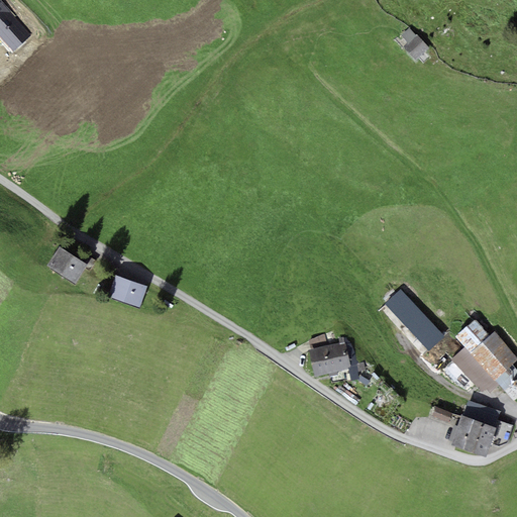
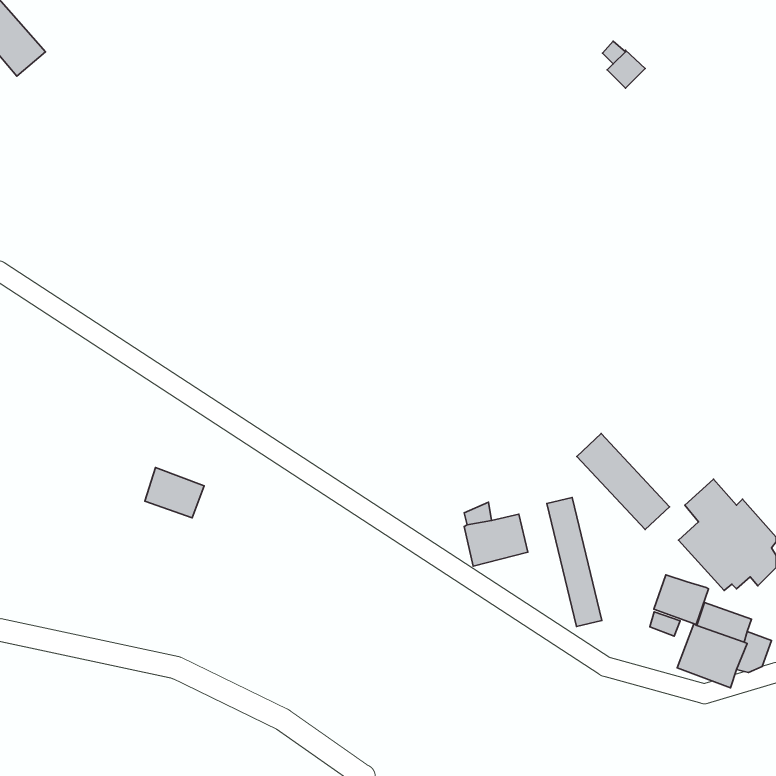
building: [46,246,87,283] -> none
building: [107,274,146,307] -> [145,468,204,518]
building: none -> [547,497,602,627]
building: none -> [654,575,708,625]

